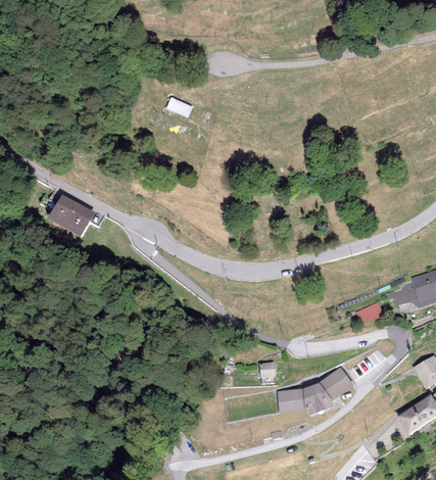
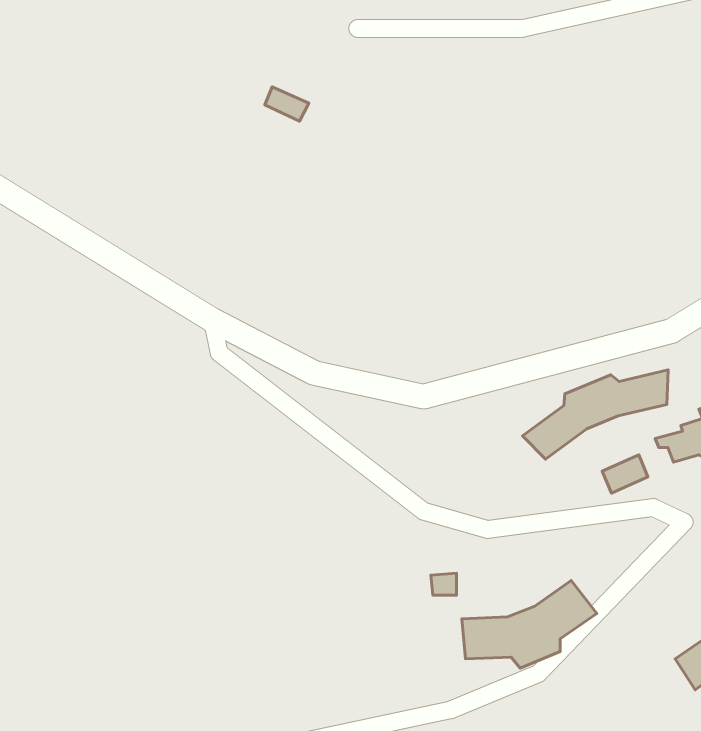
building: [50,193,93,232] -> none
building: none -> [523,370,668,459]

